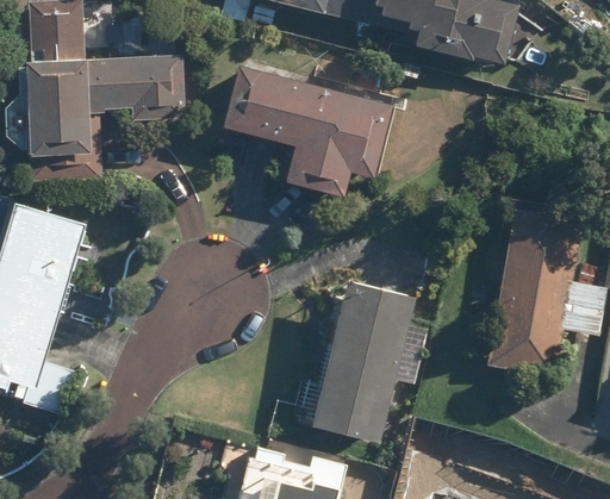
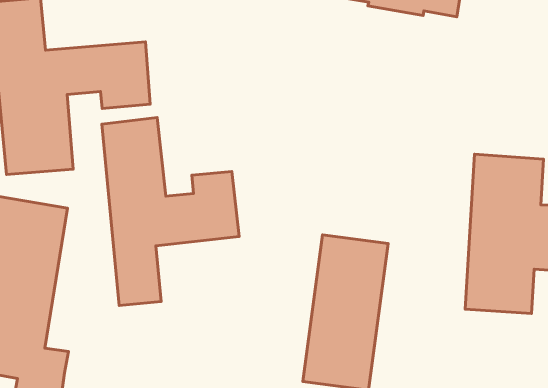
building: [220,66,393,198] -> none
building: none -> [102,118,239,305]

